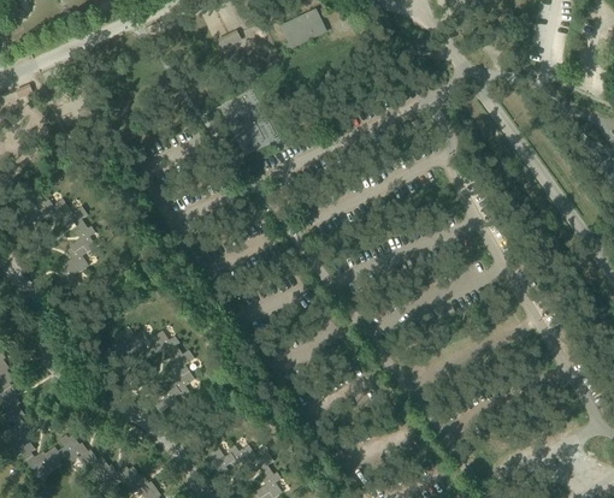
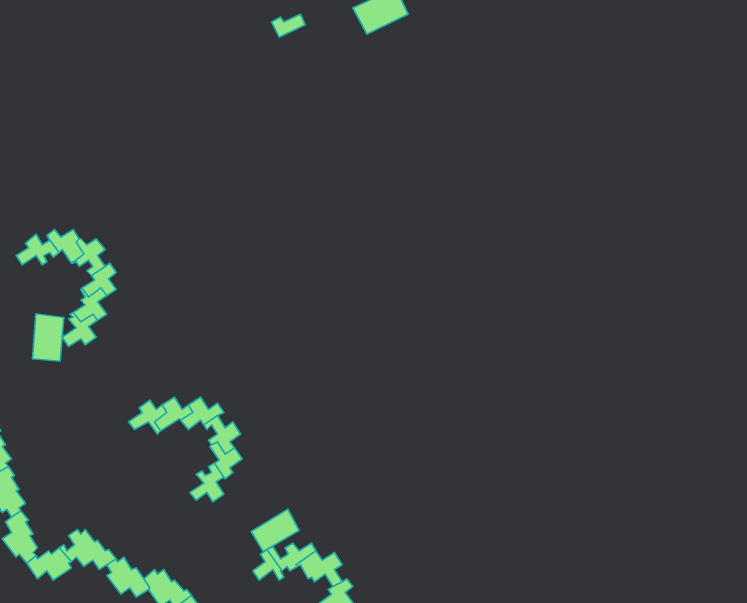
building: none -> [32,314,64,361]
building: none -> [251,509,299,552]

